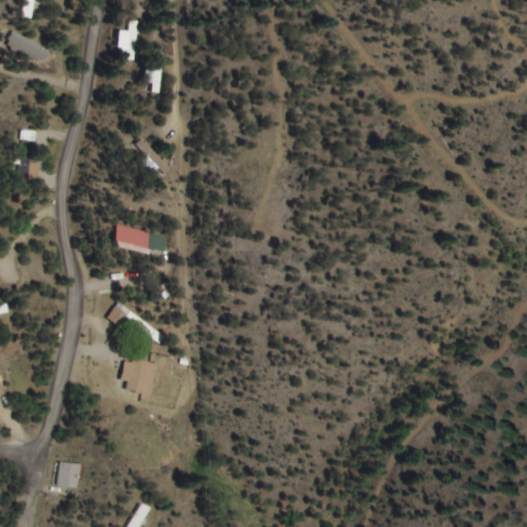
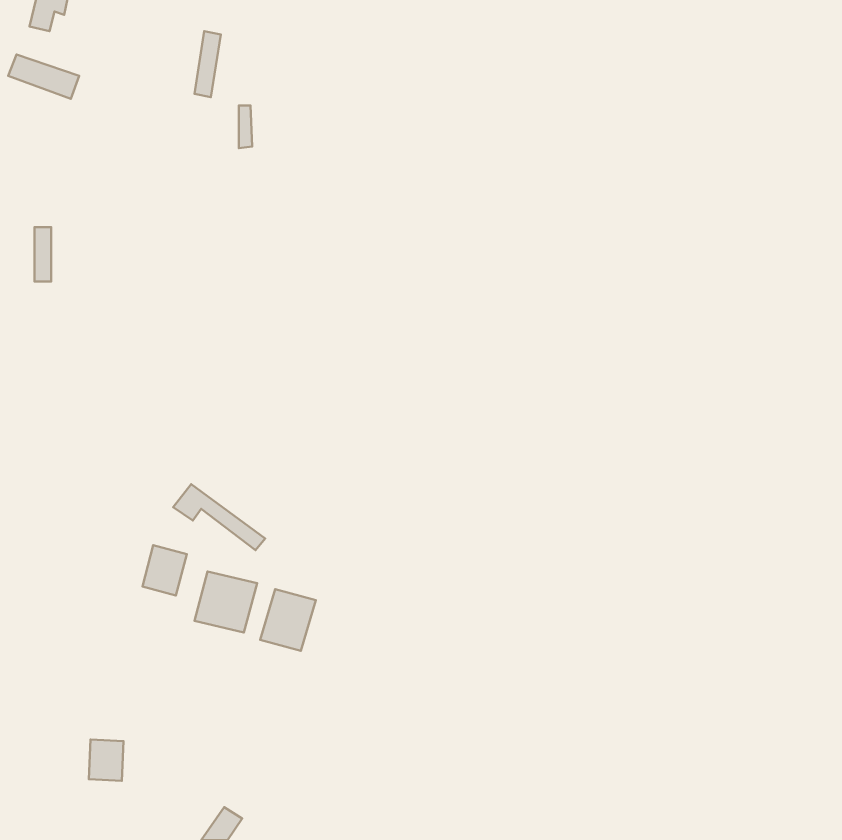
building: [114,226,148,248] -> none
building: none -> [142,545,187,595]
building: none -> [260,589,316,651]

